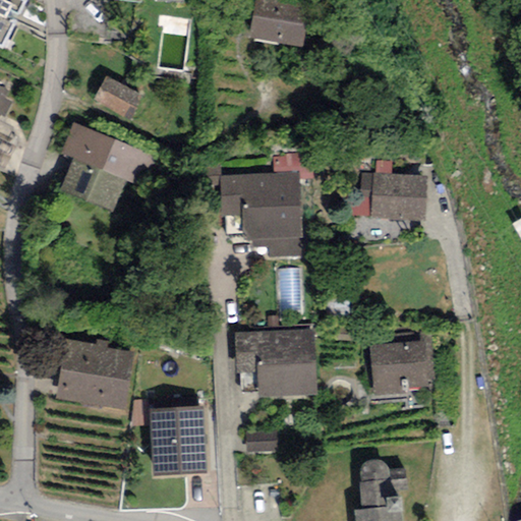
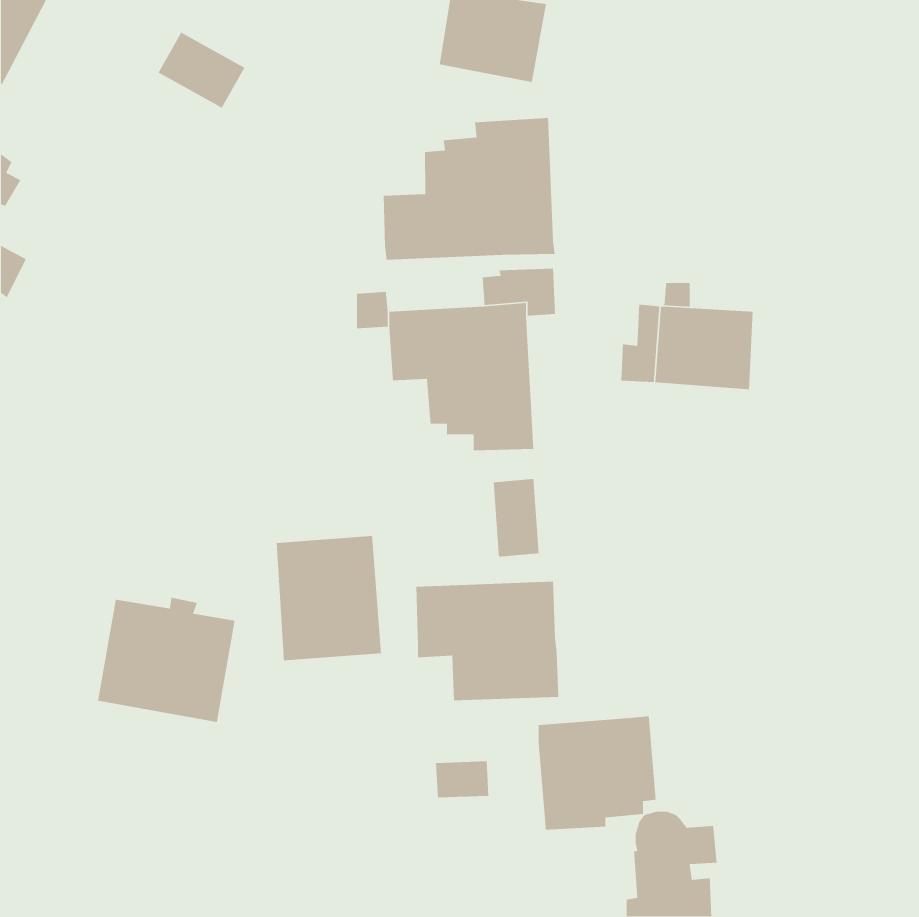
building: none -> [383,117,555,261]
building: [93,76,142,120] -> [157,31,246,109]
building: [59,121,155,212] -> none
building: [368,331,436,396] -> [538,716,657,831]
building: [149,405,209,476] -> [276,535,382,661]

